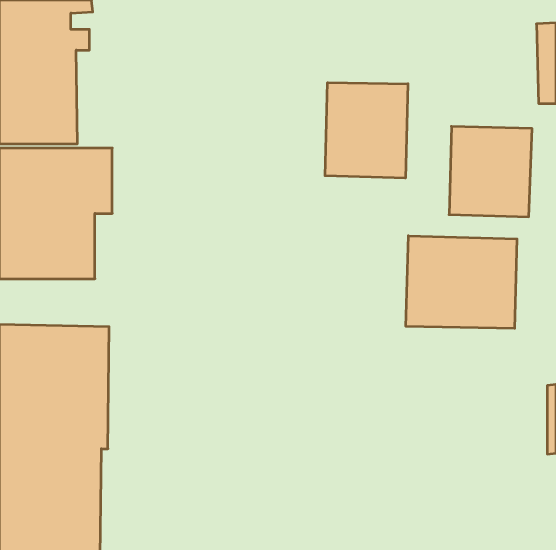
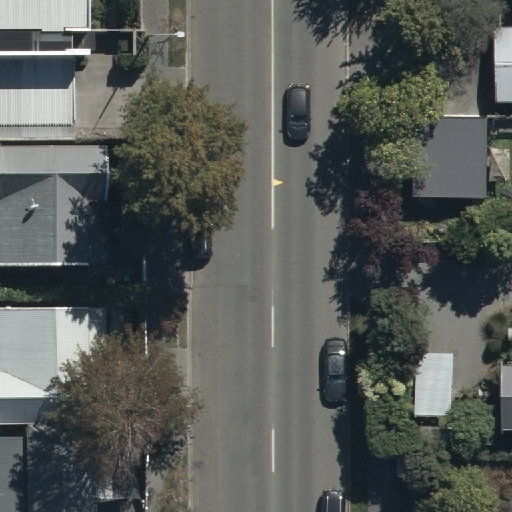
building: [325,83,408,178] -> none
building: [406,236,517,328] -> none

